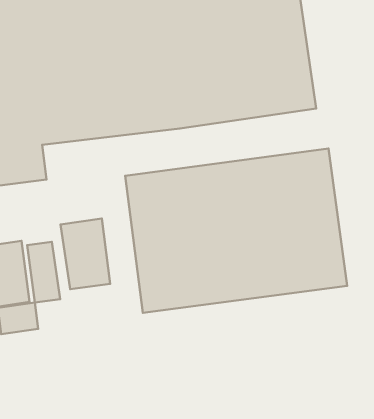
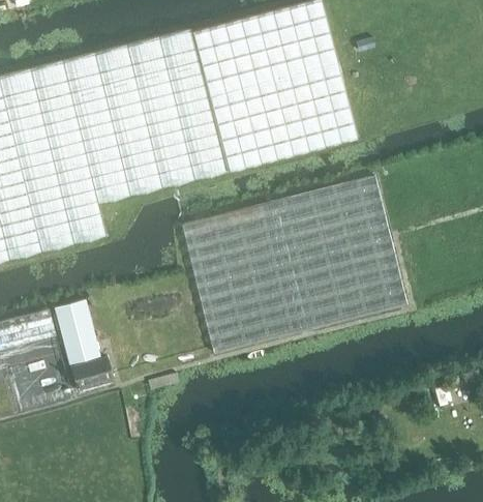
building: [61,219,110,289] -> none
building: [27,242,60,303] -> none

